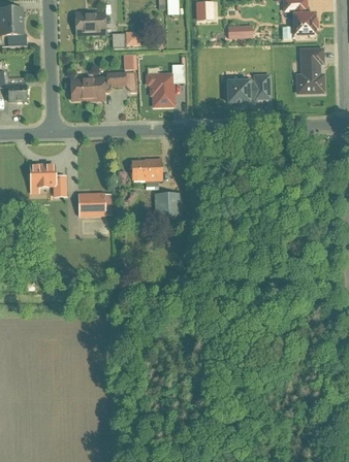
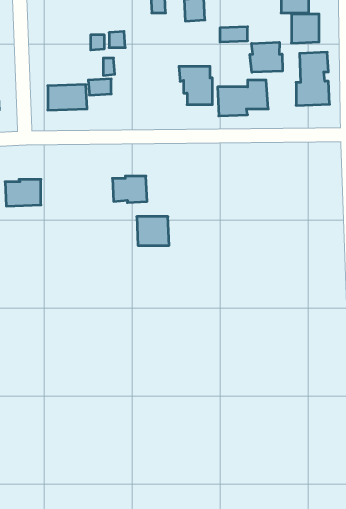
building: [76,11,109,34] -> none
building: none -> [250,42,282,72]
building: [145,73,174,107] -> [179,66,212,105]
building: [77,192,112,218] -> none

